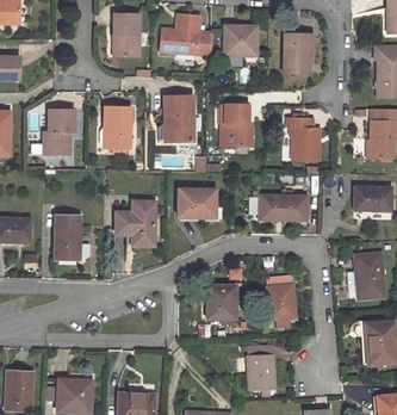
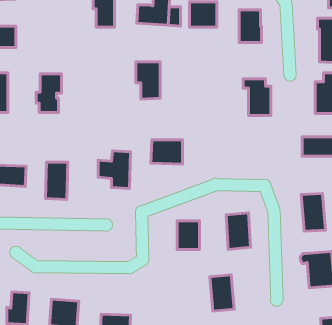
building: [223,105,254,145] -> none
building: [104,106,131,148] -> none
building: [258,194,306,219] -> none

